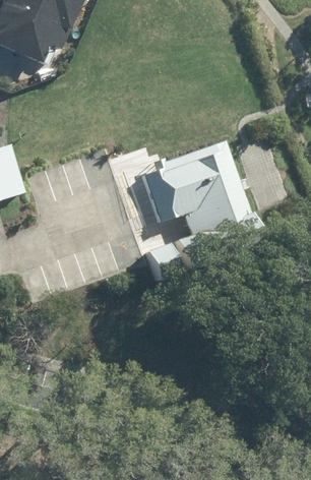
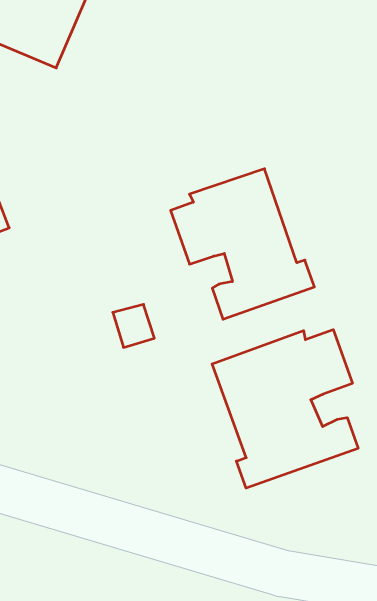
building: none -> [212,330,358,488]

